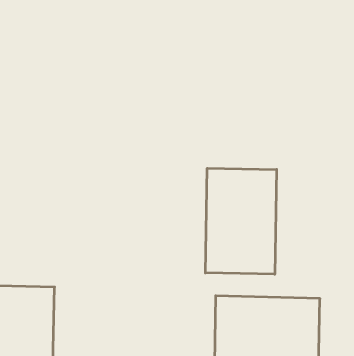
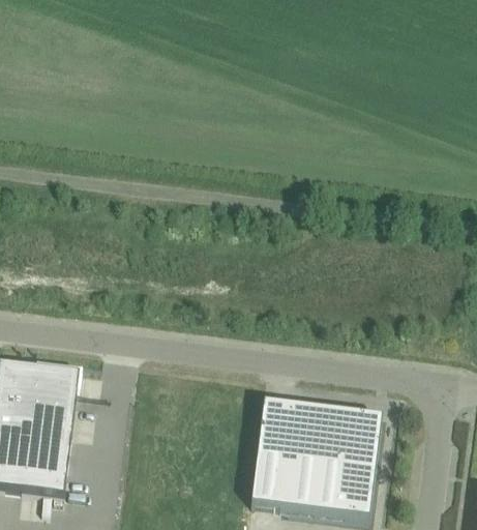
building: [205,168,277,274] -> none

